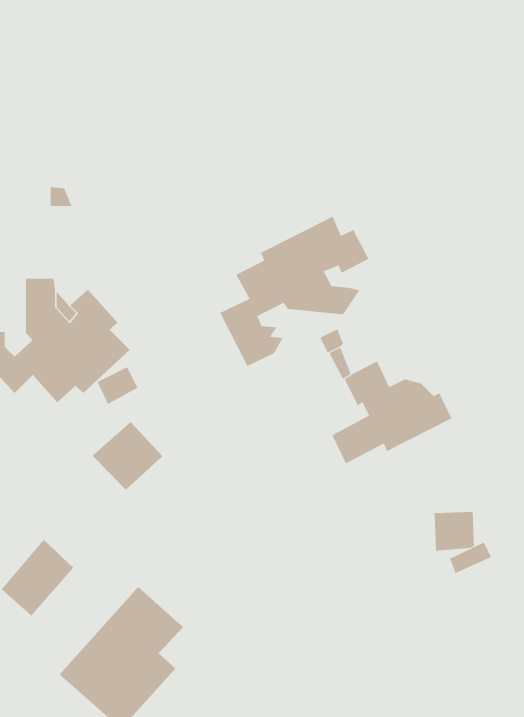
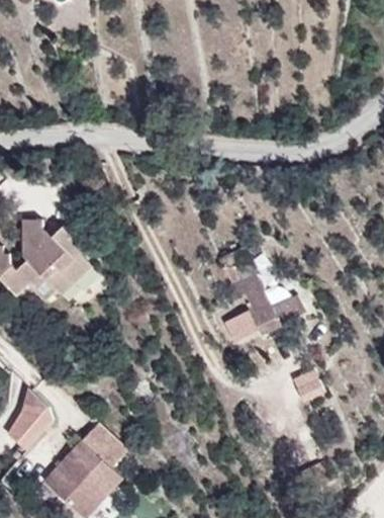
building: [220,216,369,367] -> none
building: [92,421,163,491] -> none

